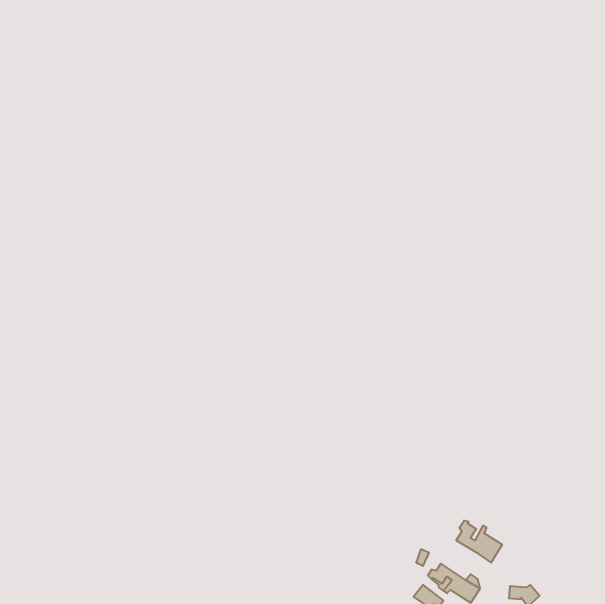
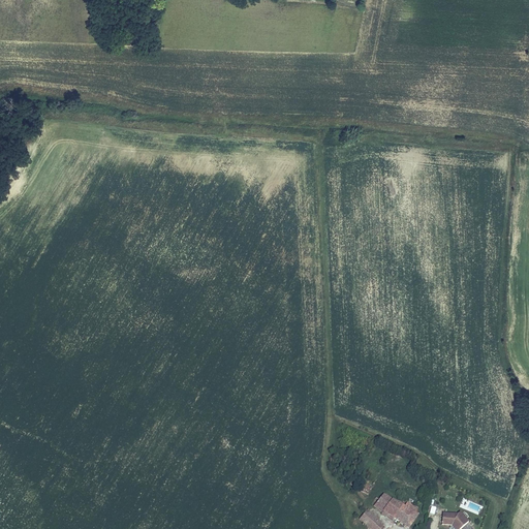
building: [456,520,502,563] -> none

